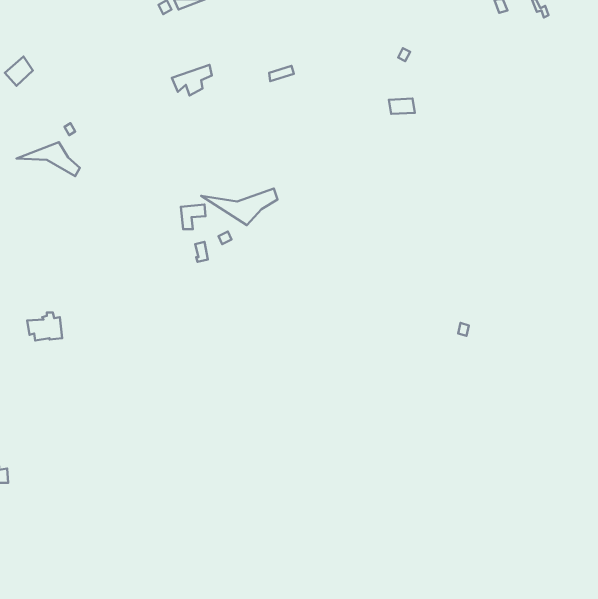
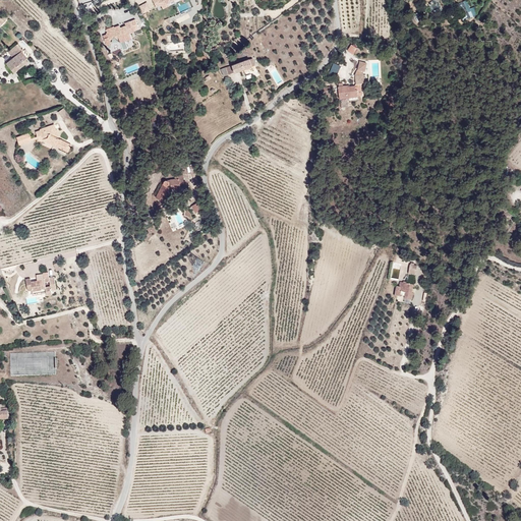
building: [172,65,212,95] -> [105,18,139,45]
building: [201,189,278,225] -> none

